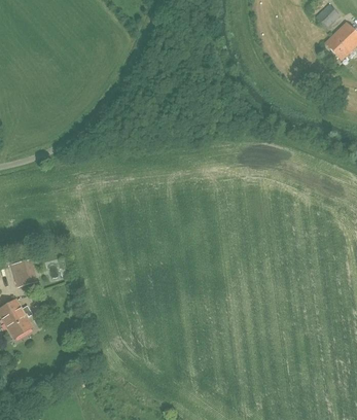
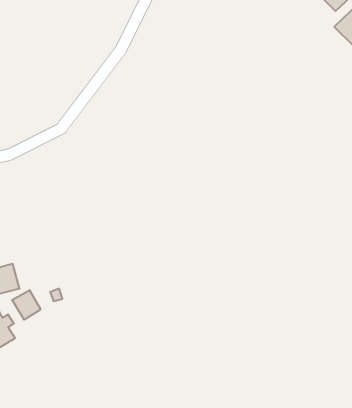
building: none -> [12,290,41,320]

